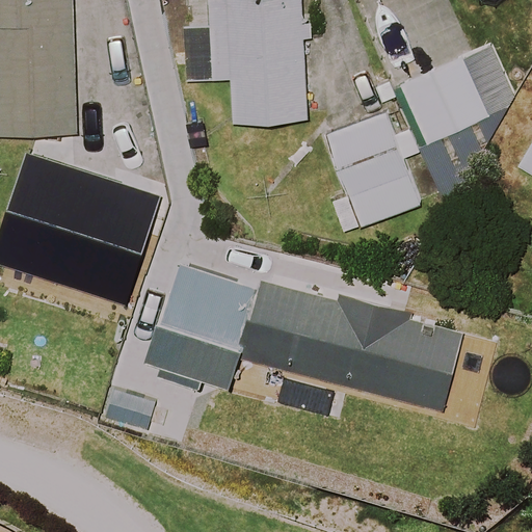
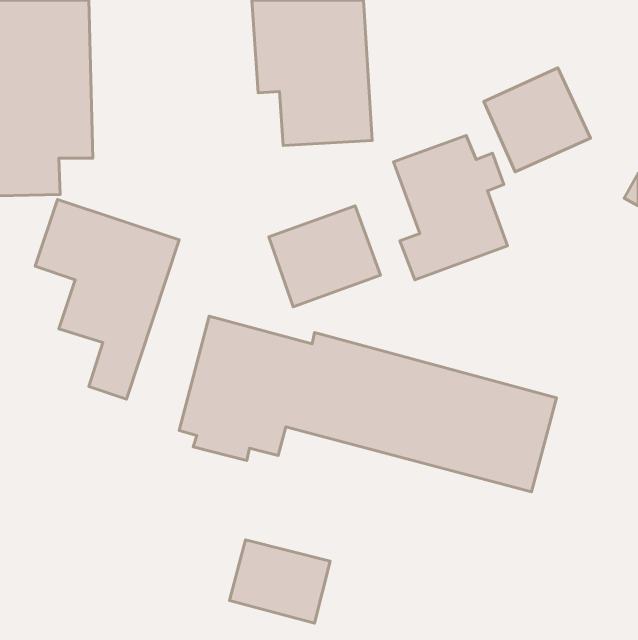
building: none -> [269,206,380,307]
building: none -> [229,540,330,623]

